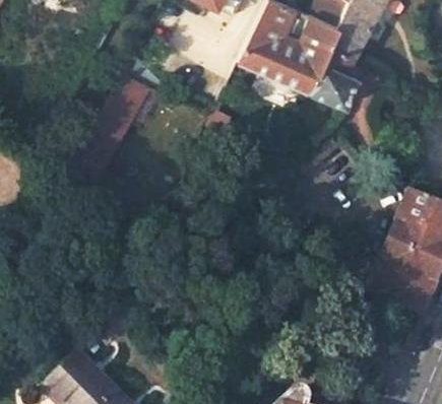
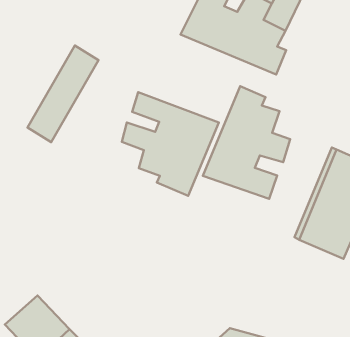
building: none -> [203,86,290,199]
building: none -> [122,92,219,196]

